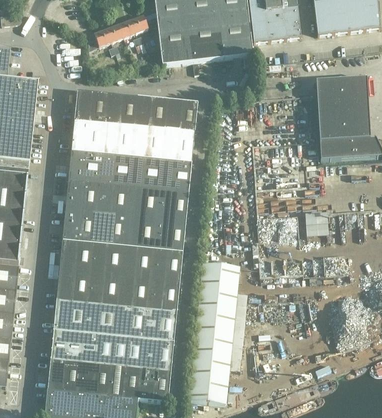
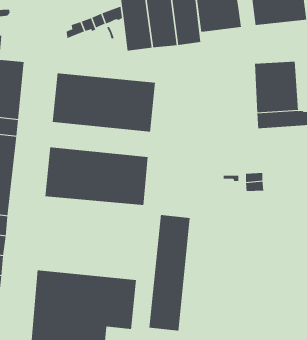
building: [68,150,191,192] -> none
building: [53,240,183,341] -> none

